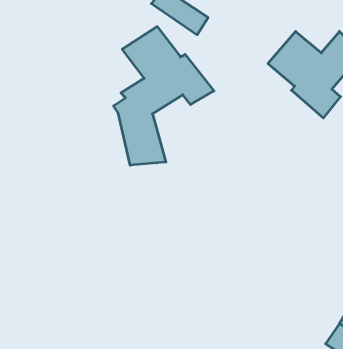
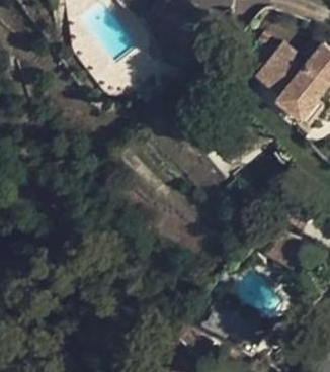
building: [114,27,214,165] -> none

